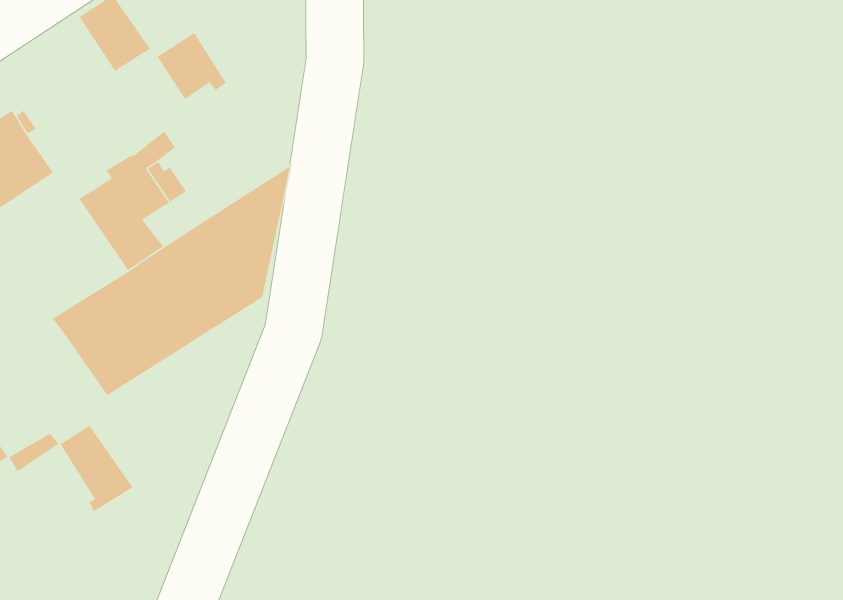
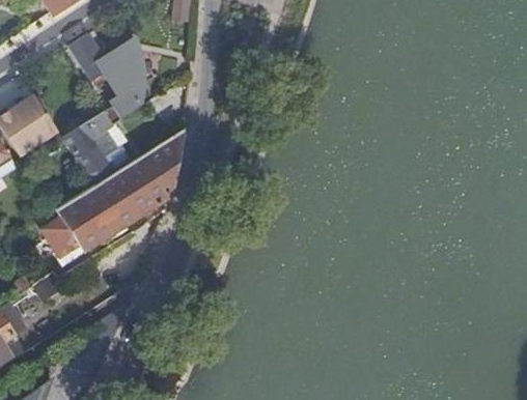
building: none -> [88,63,149,115]
building: [60,425,134,512] -> [44,219,84,266]

